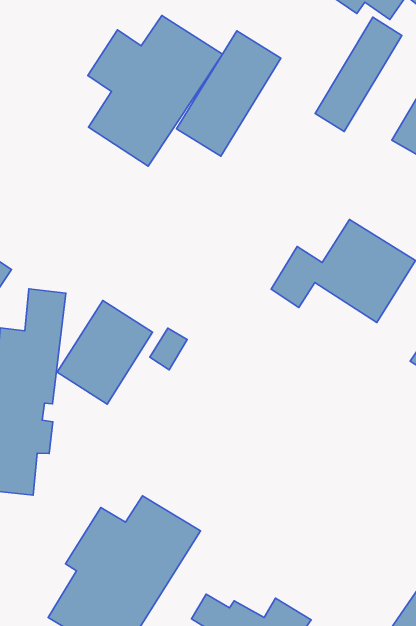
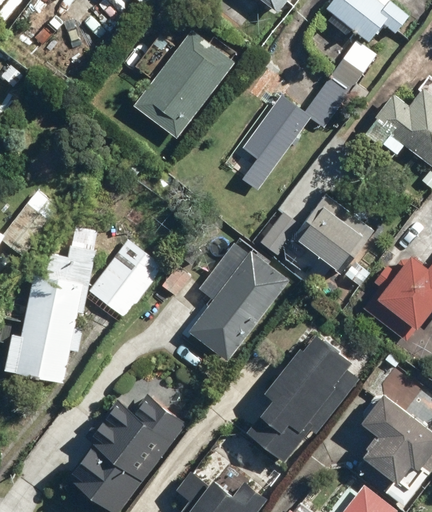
building: [177,31,281,156] -> [224,95,309,190]
building: none -> [186,244,291,363]
building: none -> [244,332,354,464]

